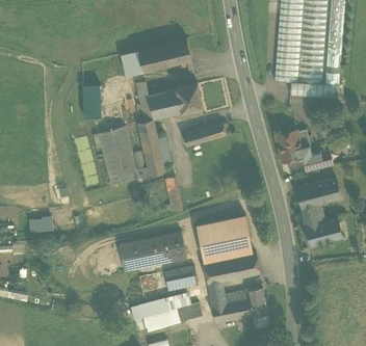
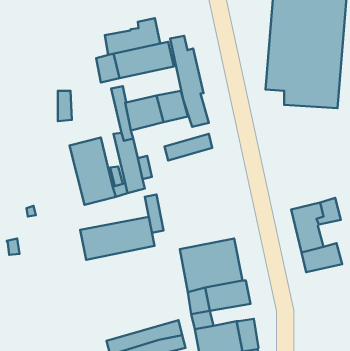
building: none -> [105,18,160,55]
building: none -> [170,36,209,127]
building: [273,129,332,171] -> none
building: [119,231,185,269] -> [80,217,154,260]
building: [163,265,197,289] -> none

